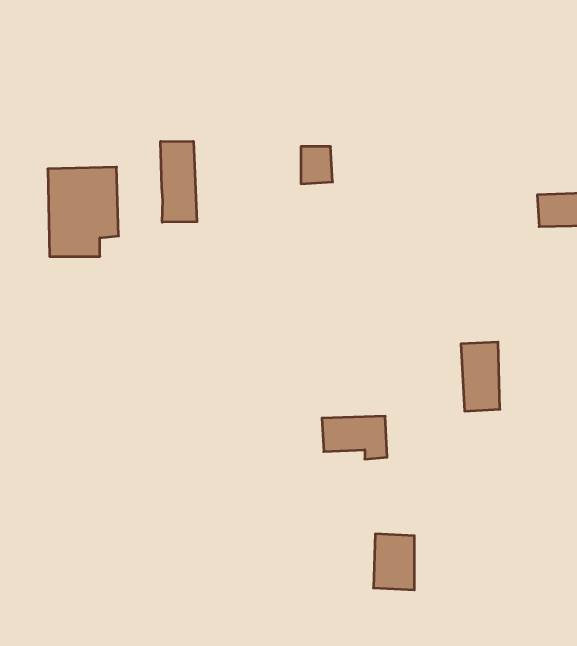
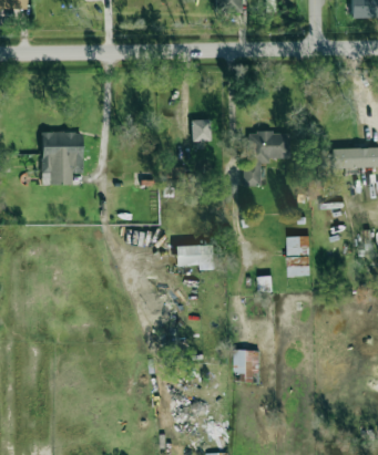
building: [161,141,197,222] -> none
building: none -> [243,132,289,186]
building: [322,416,387,459] -> [175,245,214,270]

